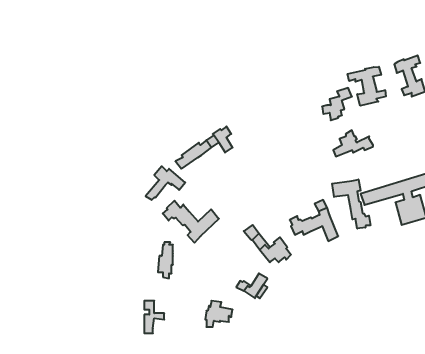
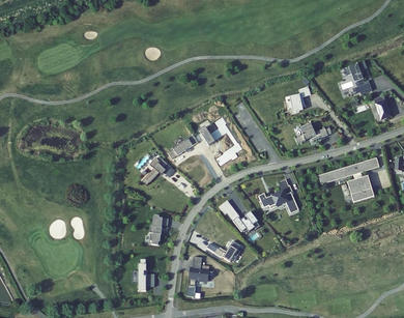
building: [348,67,386,106] -> none
building: [332,179,370,229] -> none
building: [163,201,219,243] -> none

